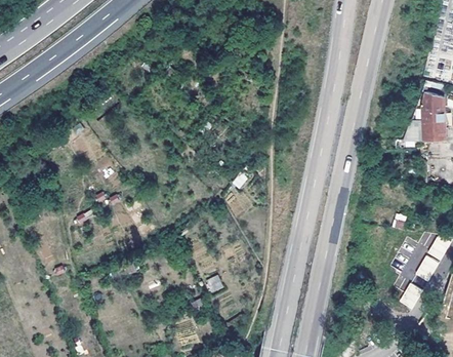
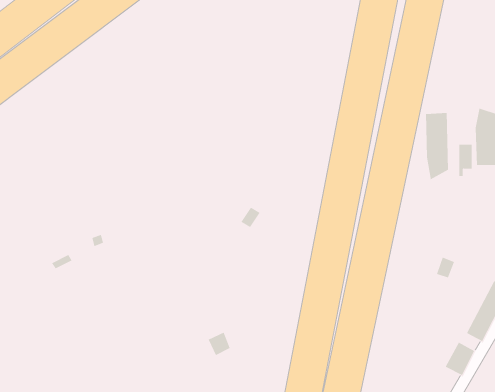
building: none -> [426,112,449,180]

